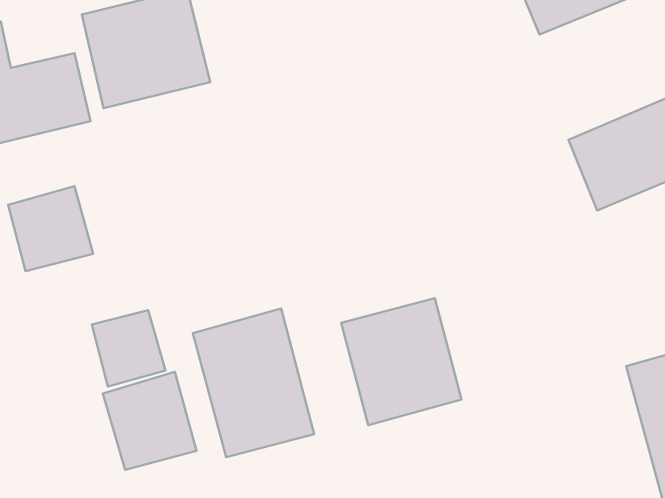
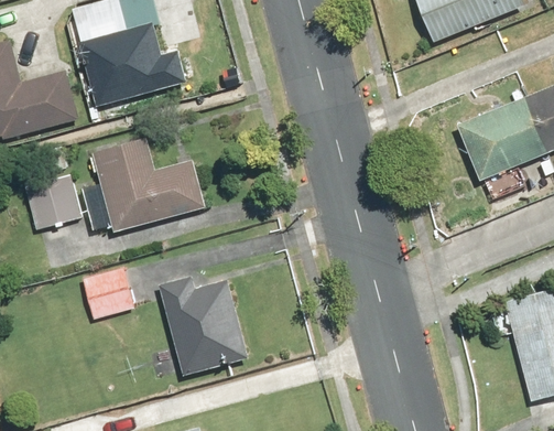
building: none -> [76,128,213,233]
building: [341,298,461,425] -> none
building: [103,372,196,470] -> none

